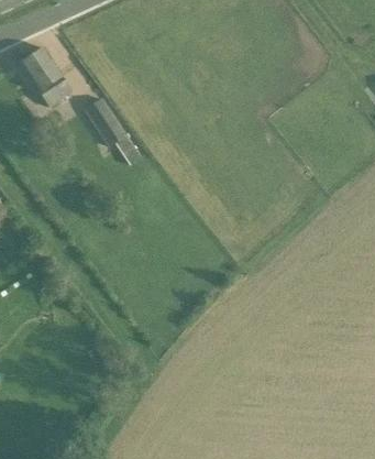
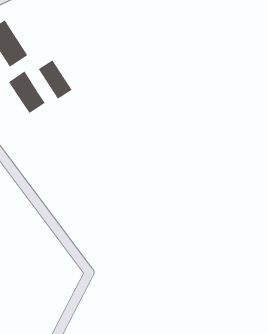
building: none -> [8,71,45,114]

